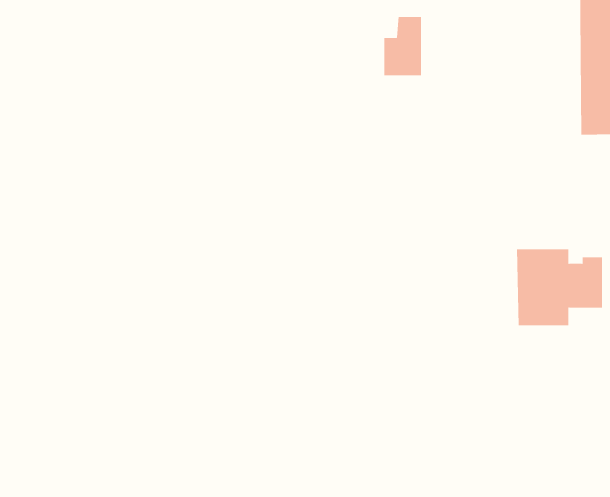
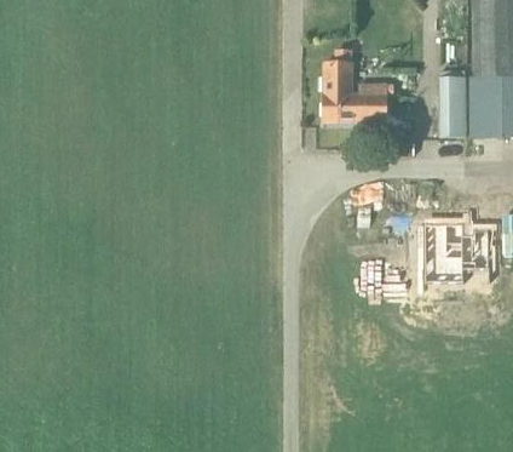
building: none -> [439,74,467,135]
building: none -> [324,84,386,122]

